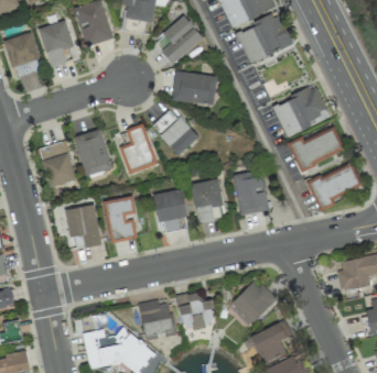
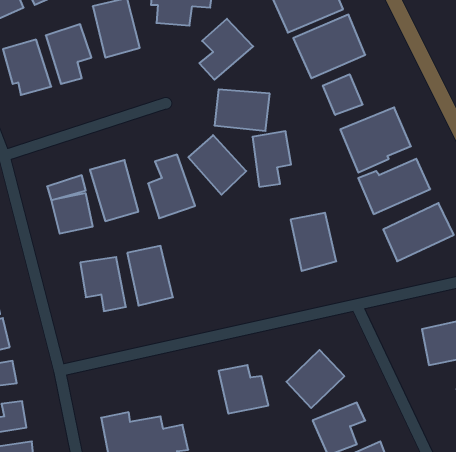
building: none -> [323,74,363,115]
building: [192,178,223,222] -> [252,131,291,187]
building: [153,189,187,231] -> none
building: [138,297,175,336] -> none

